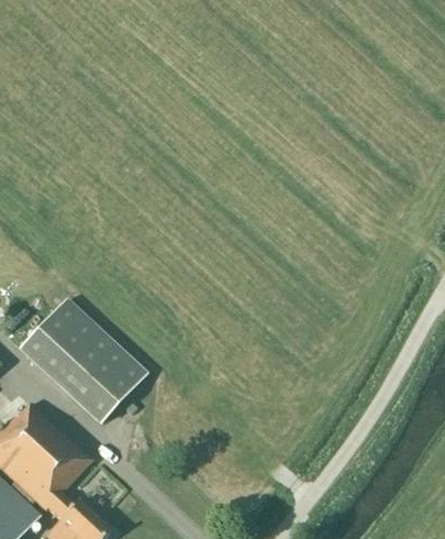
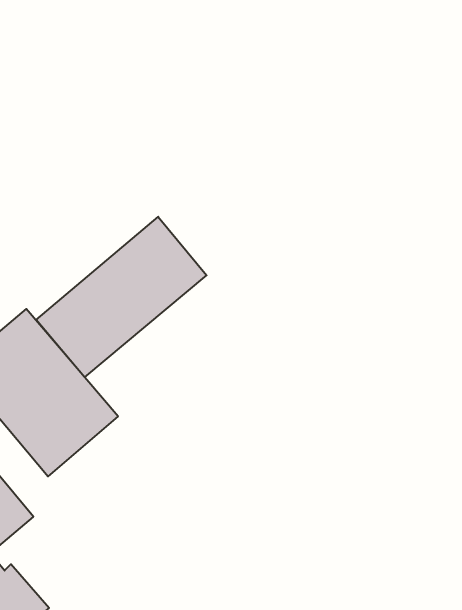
building: none -> [36,217,207,377]

